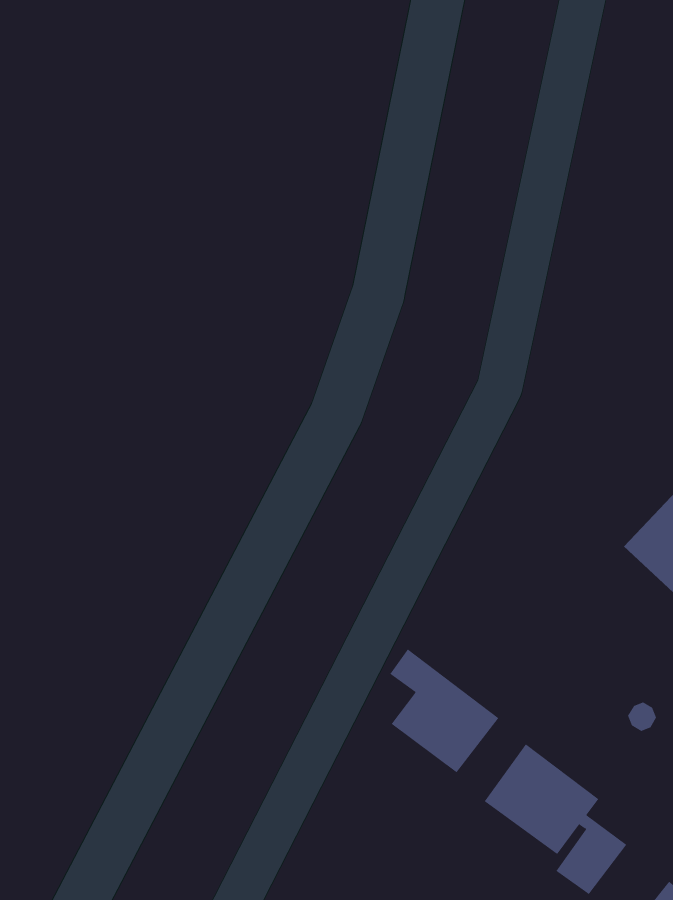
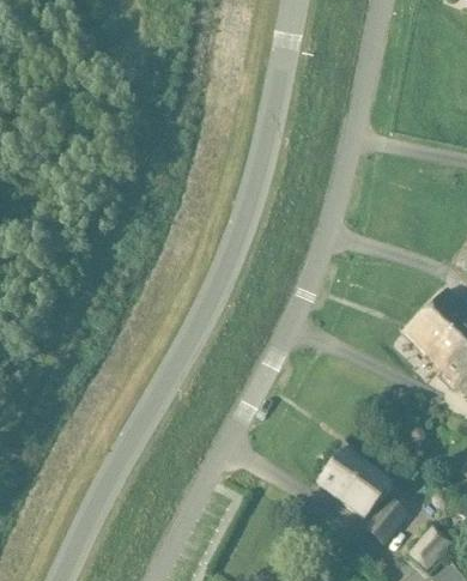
building: [390,649,499,773] -> none

